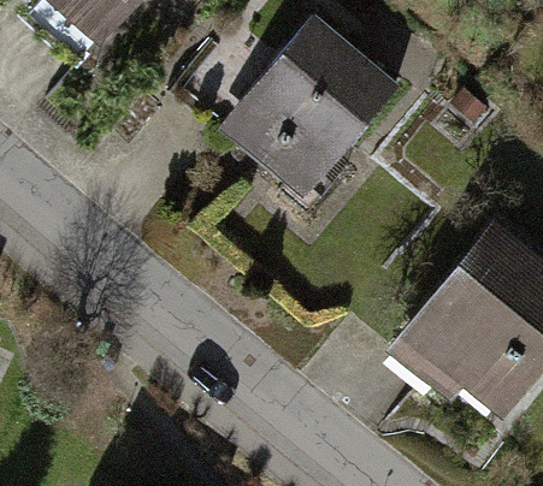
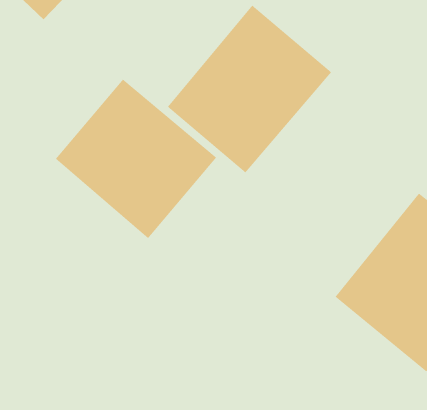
building: none -> [55,79,217,239]

